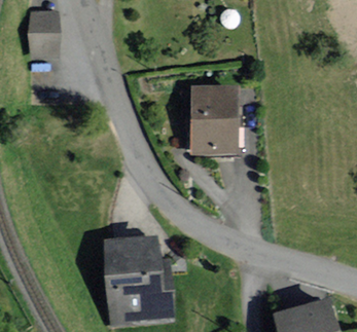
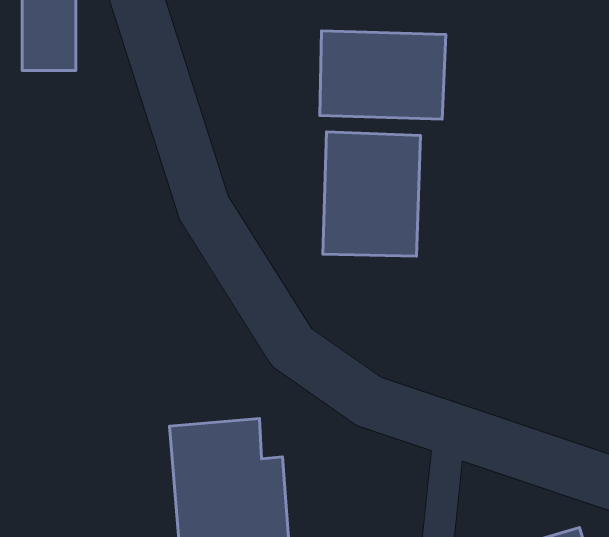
building: none -> [320,31,446,119]

